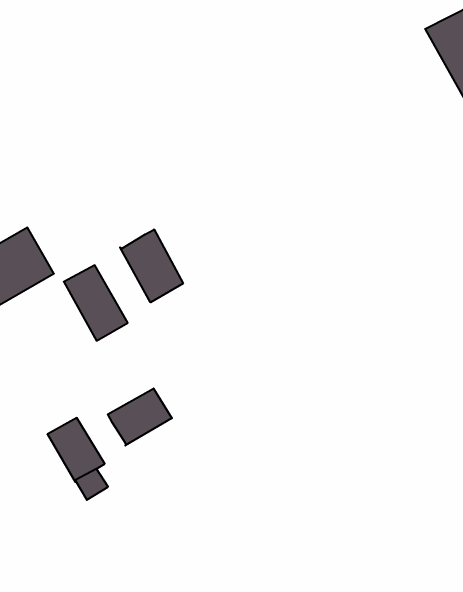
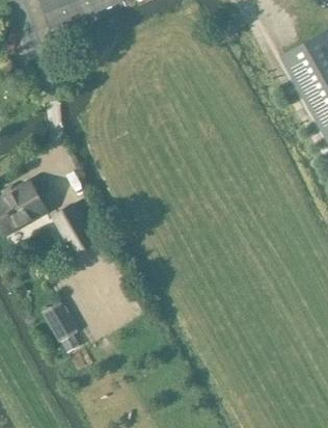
building: [120,229,183,302] -> none
building: [108,388,172,446] -> none

